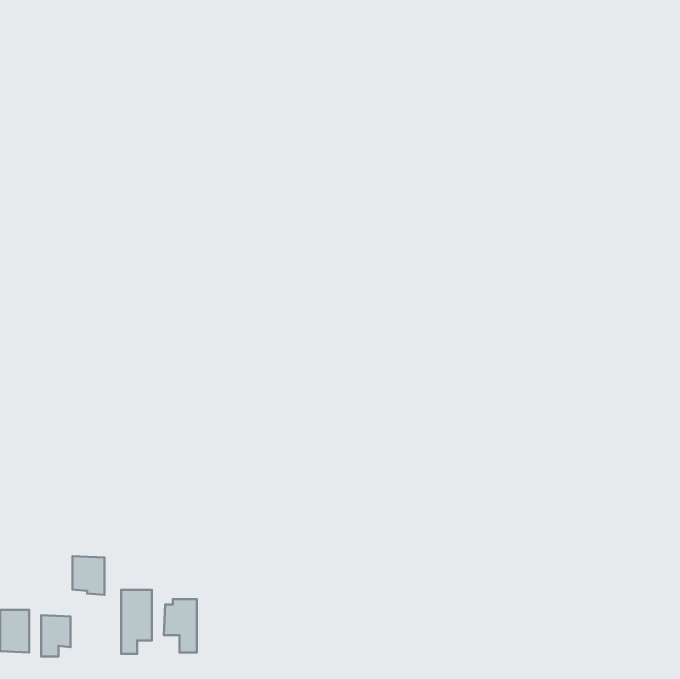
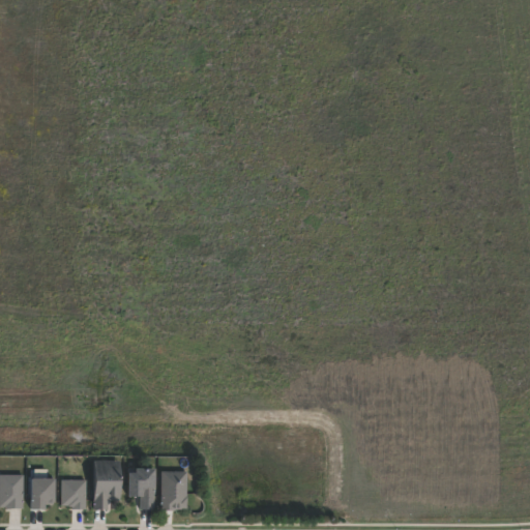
building: [73,556,105,595] -> [61,479,86,509]
building: none -> [161,470,187,508]

